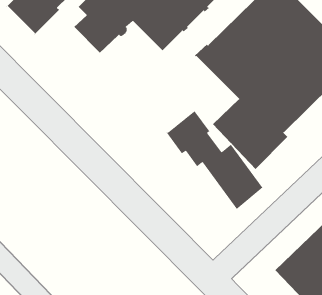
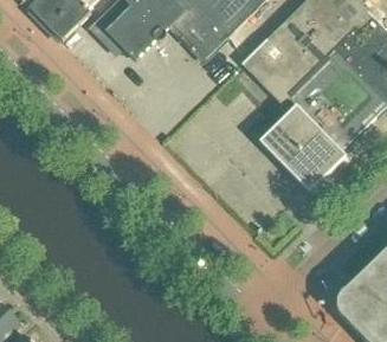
building: [166,109,263,210] -> none

